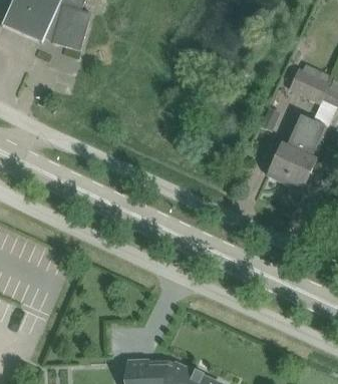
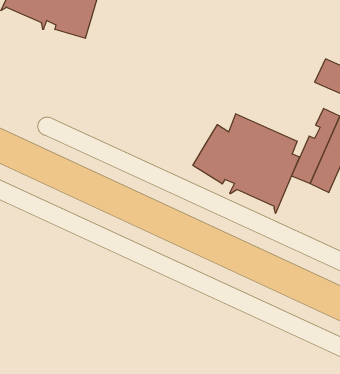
building: none -> [193,114,299,213]

